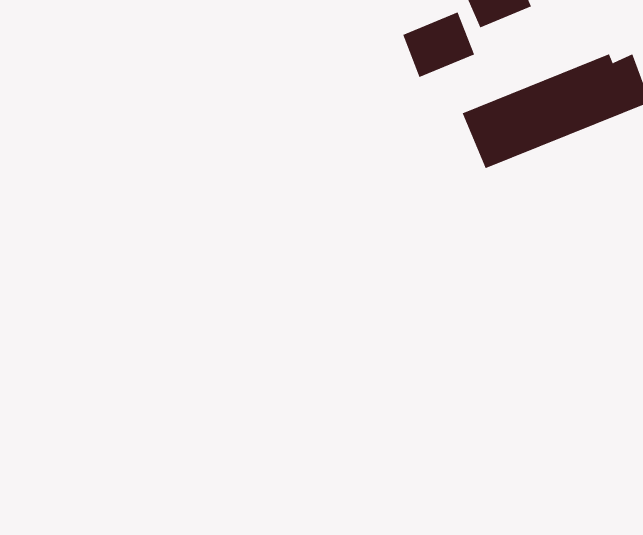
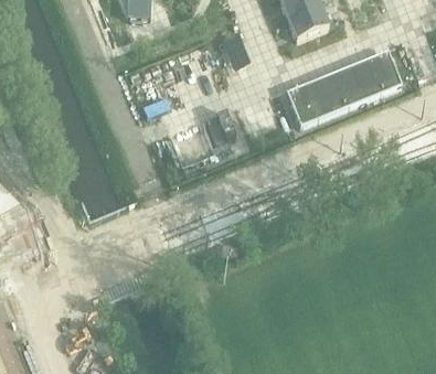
building: [402,12,475,78] -> none

